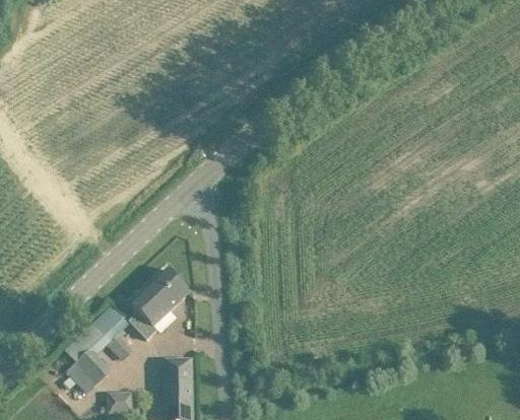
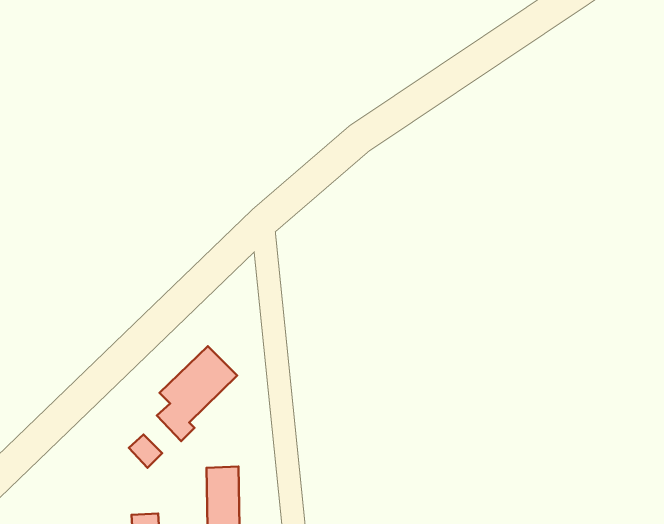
building: [64,308,114,391] -> none

